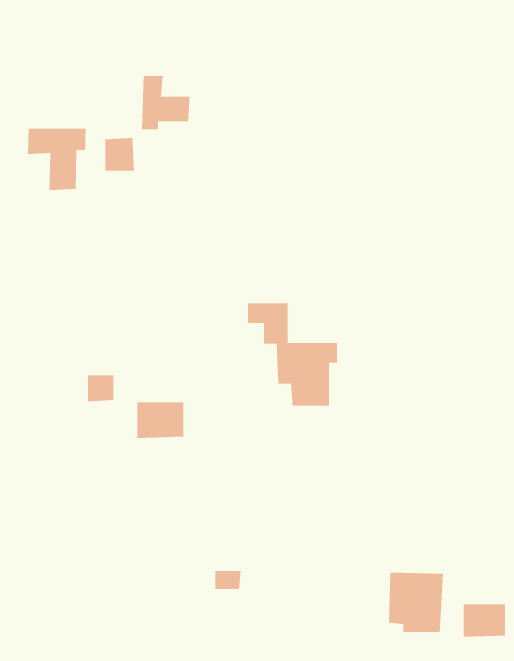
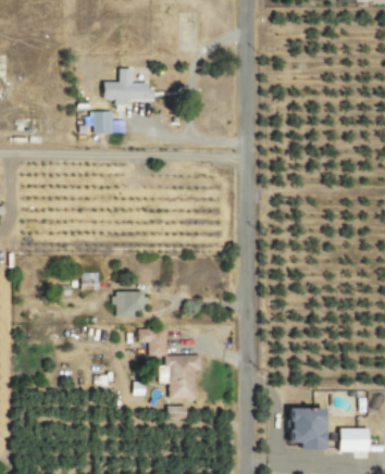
building: [28,128,86,191] -> none
building: [247,303,338,406] -> [140,328,202,399]

